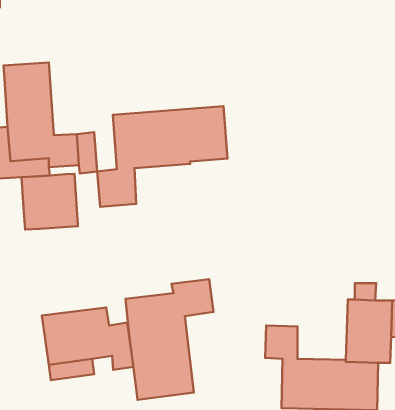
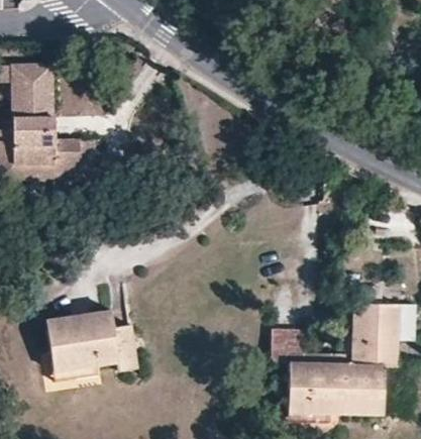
building: [97,106,227,207] -> none
building: [22,174,78,229] -> none
building: [126,279,214,400] -> none

